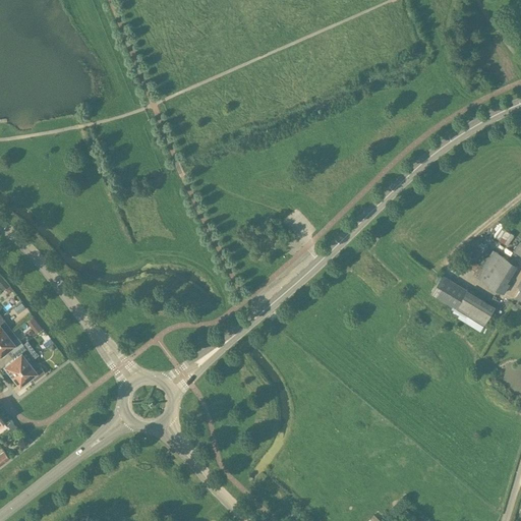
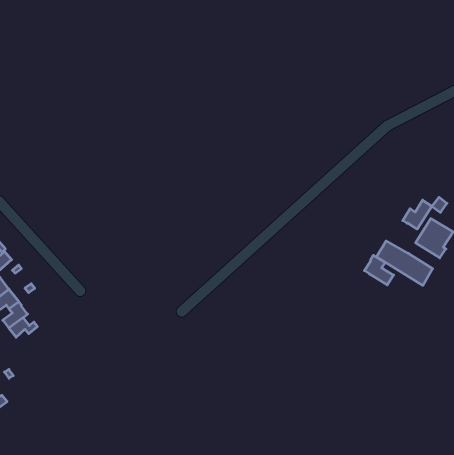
building: none -> [403,200,432,229]
building: none -> [364,255,394,285]

